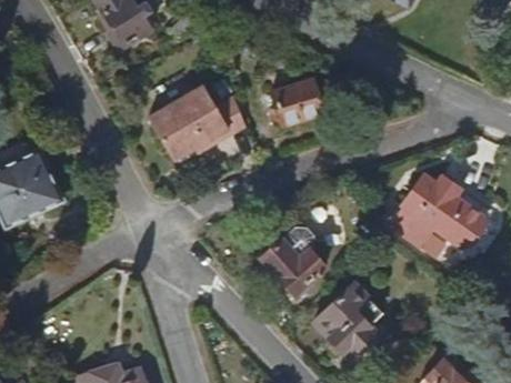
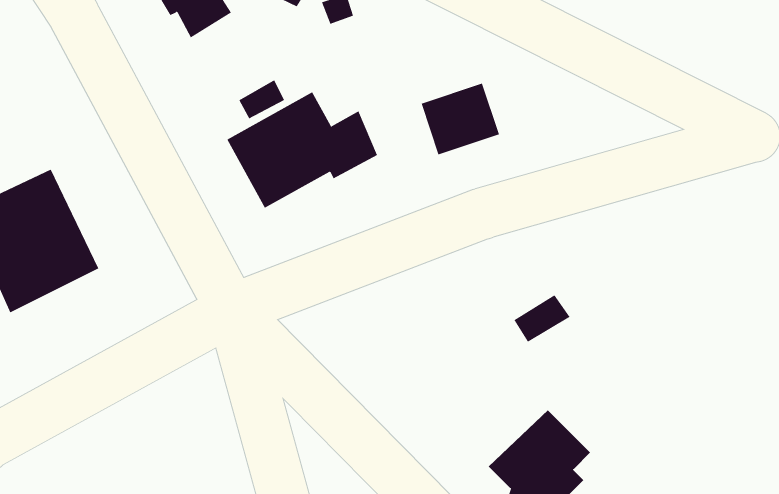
building: [392,172,484,255] -> none
building: [262,229,325,296] -> none

